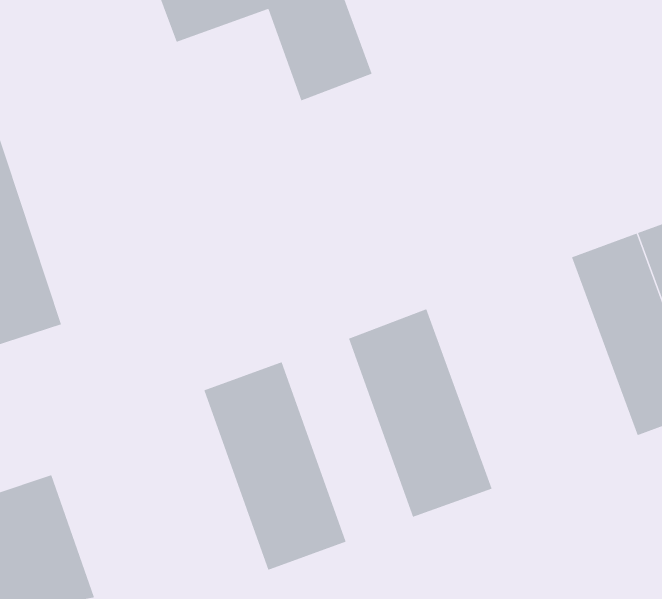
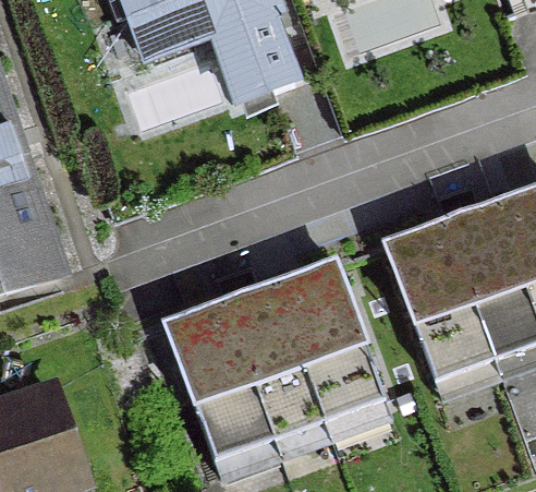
building: none -> [386,223,496,381]
building: none -> [226,285,325,440]

